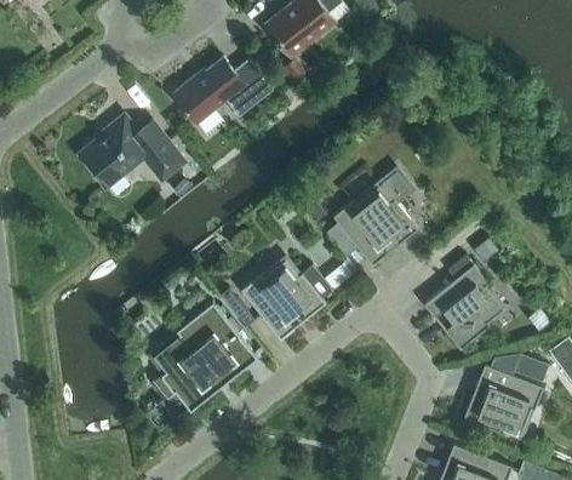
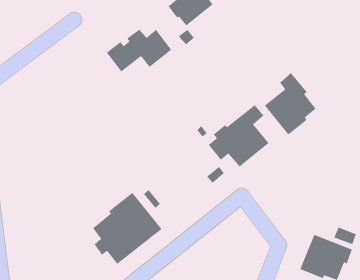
building: [79,115,184,188] -> none
building: [424,255,503,349] -> [264,72,316,135]
building: [241,261,326,339] -> none

